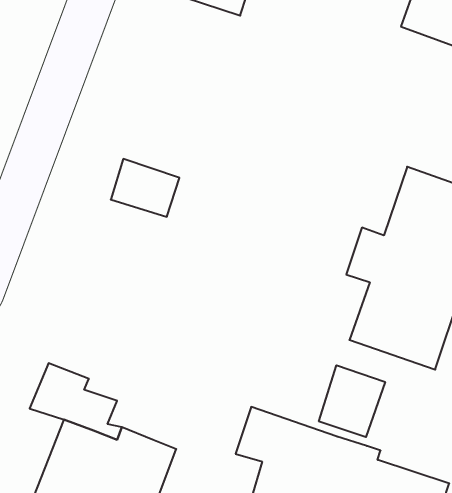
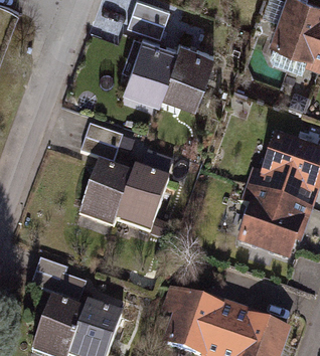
building: none -> [125,31,219,104]
building: none -> [75,157,170,229]
building: [319,365,385,437] -> none

